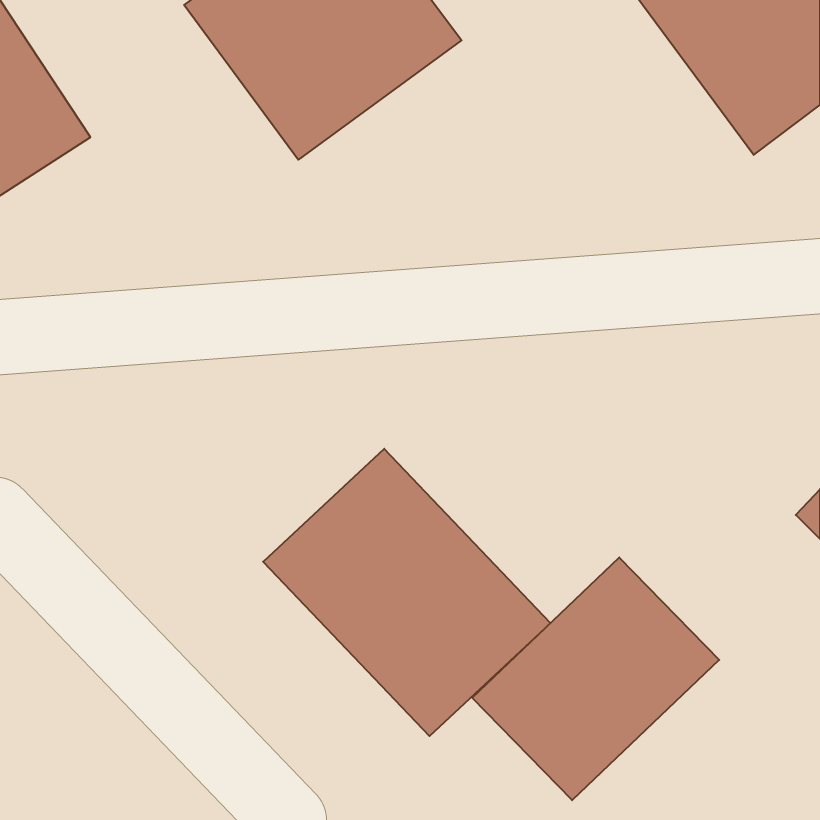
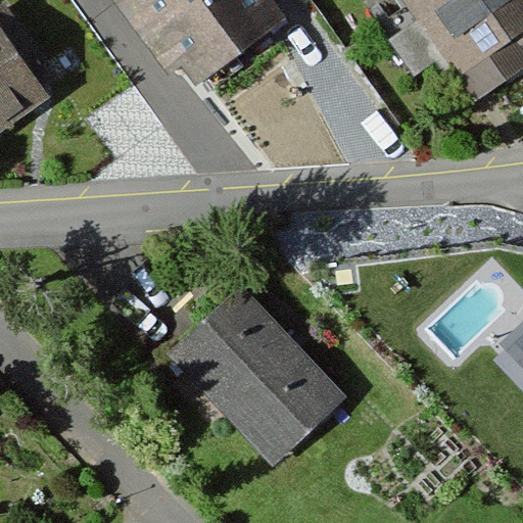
building: [472,557,719,800] -> none

